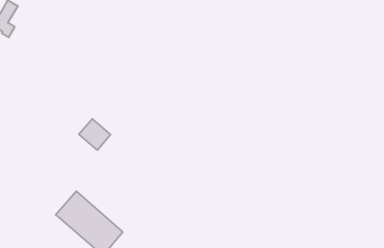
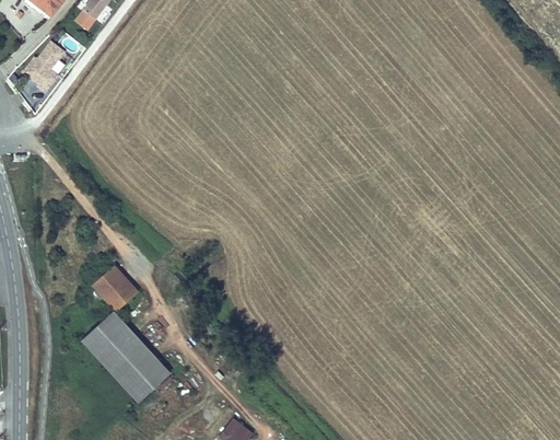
building: [79,119,111,150] -> [94,267,137,310]

